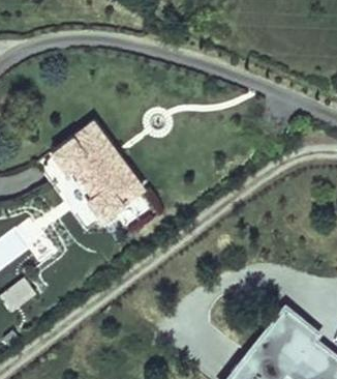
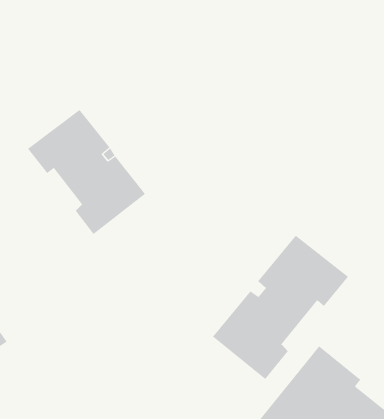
building: none -> [212,235,349,380]

